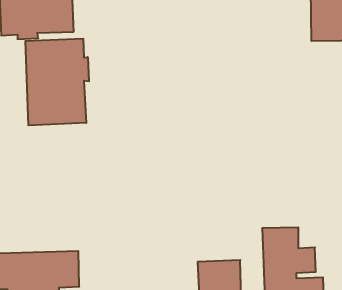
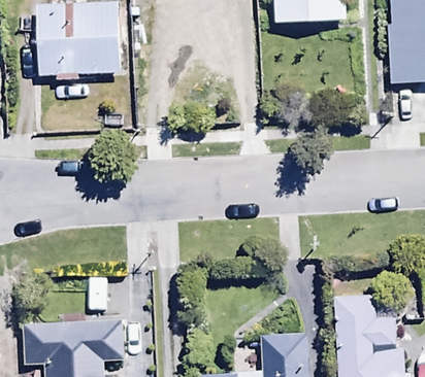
building: [25,39,89,125] -> none

